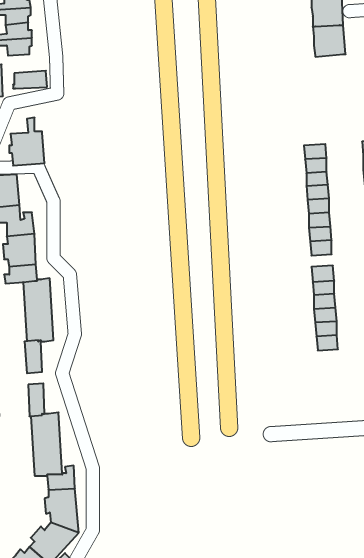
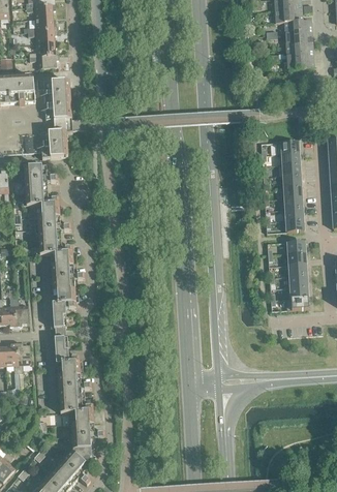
building: none -> [42,93,72,130]

